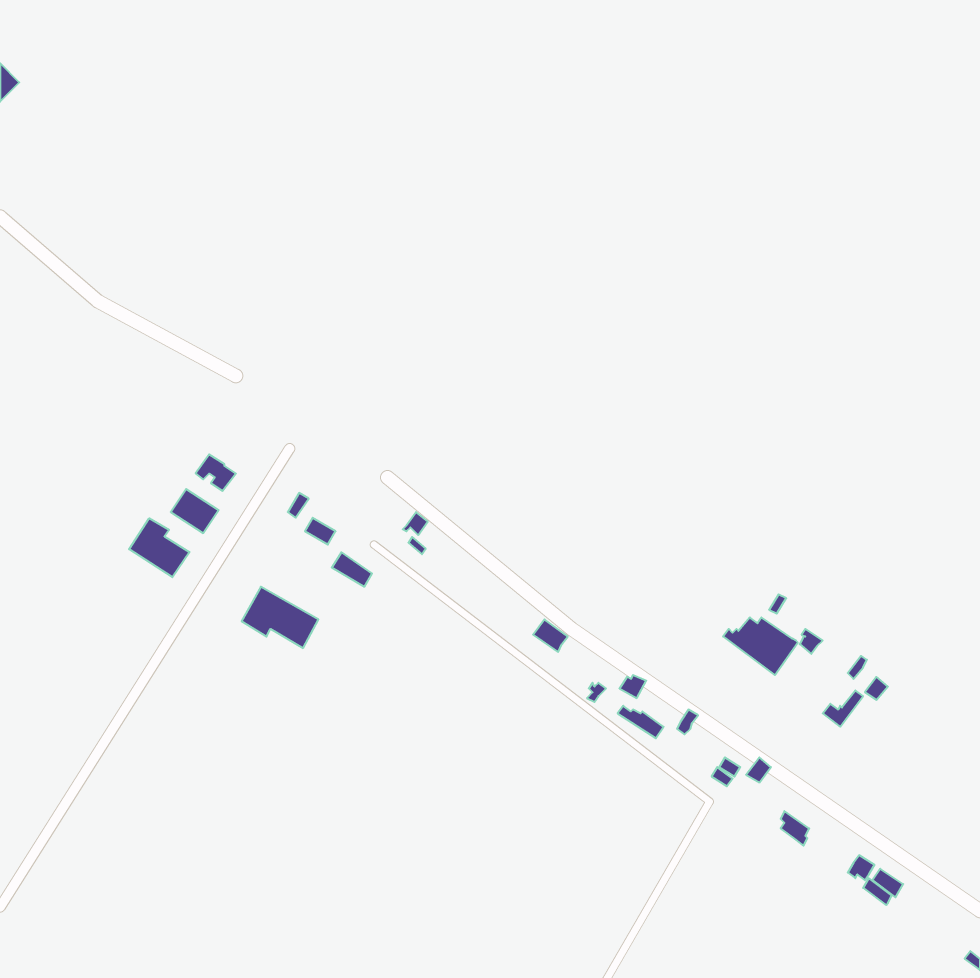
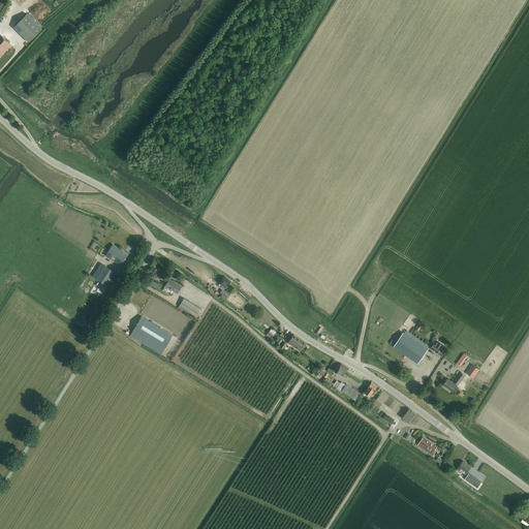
building: none -> [13,14,41,43]
building: [129,518,190,577] -> none

